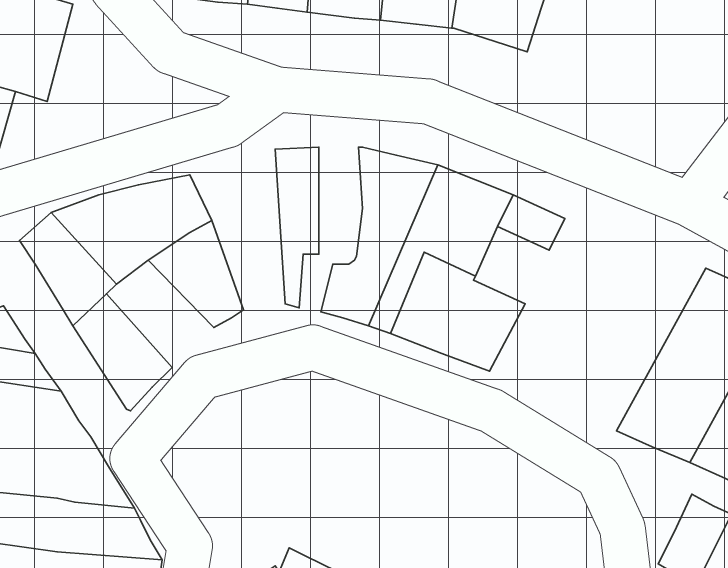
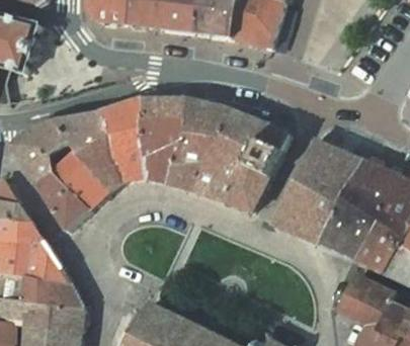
building: none -> [153,98,185,182]
building: none -> [97,99,146,181]
building: none -> [242,139,280,178]
building: none -> [270,140,360,243]
building: none -> [55,156,109,210]

